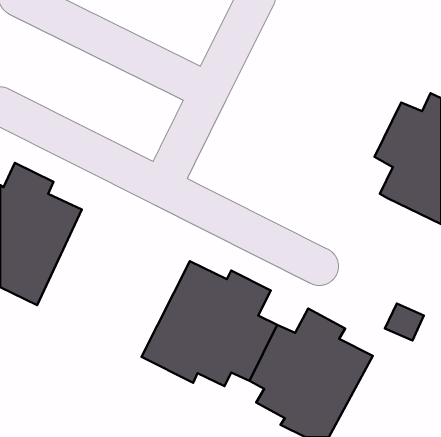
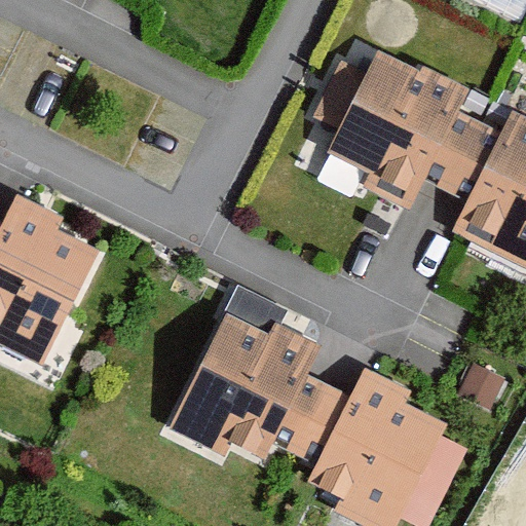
building: none -> [311,47,478,209]

